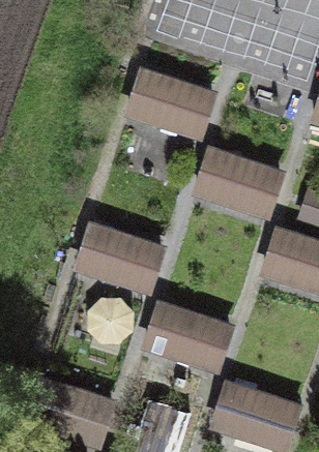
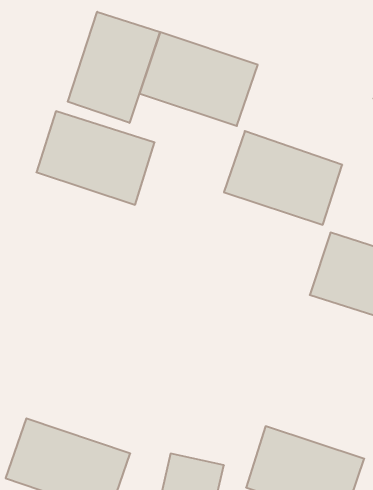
building: none -> [68,12,160,123]
building: [73,221,167,296] -> [36,111,155,205]
building: [140,299,235,374] -> none

